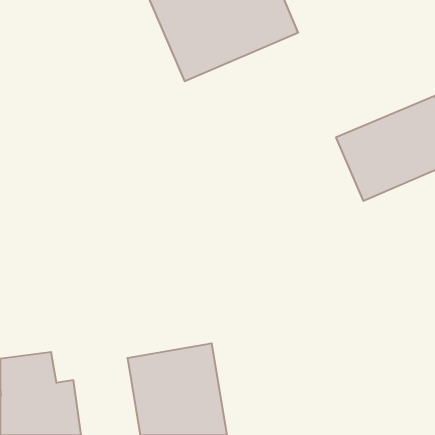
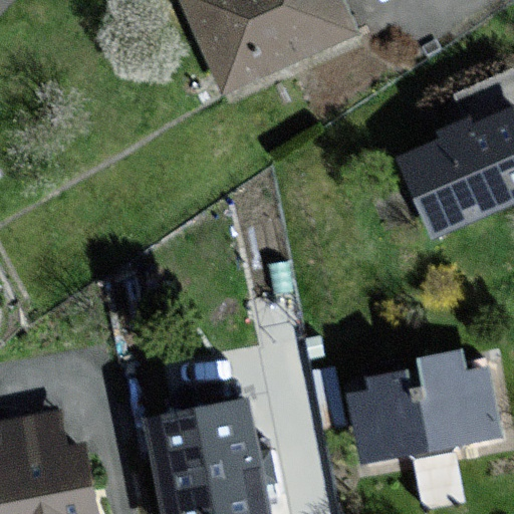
building: none -> [354,351,500,461]

